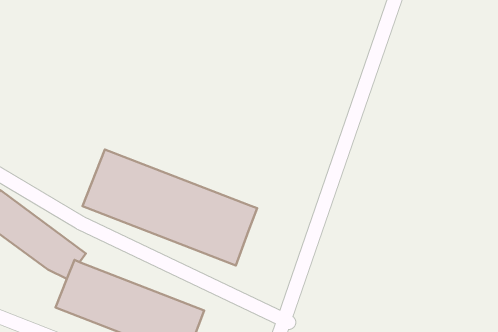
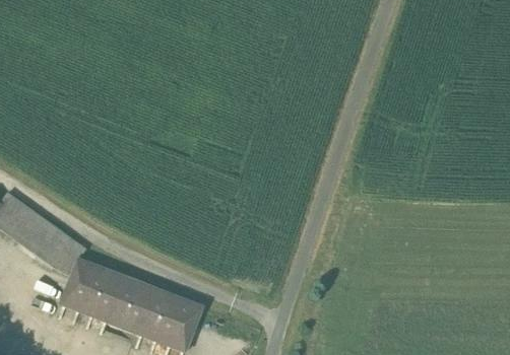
building: [82,150,257,265] -> none

